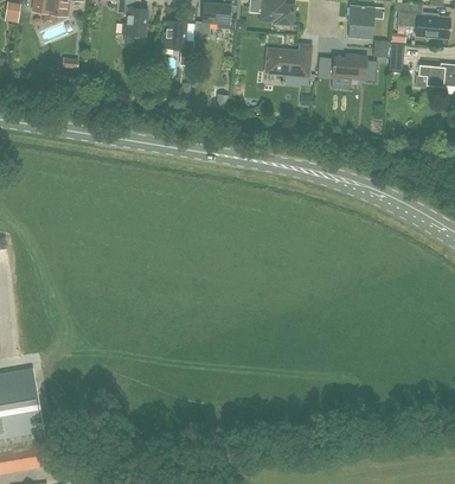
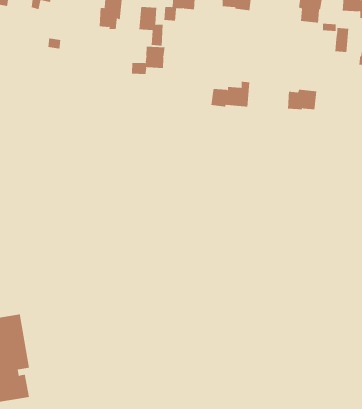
building: [265,44,310,74] -> [211,81,250,107]
building: [332,53,366,77] -> [287,89,317,110]
building: none -> [131,46,165,75]

